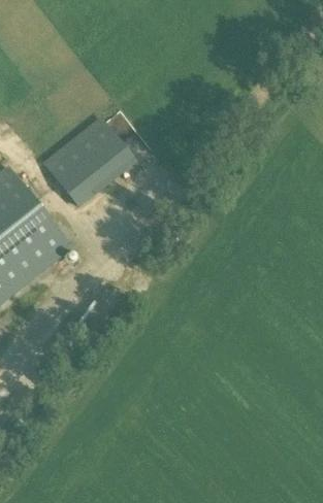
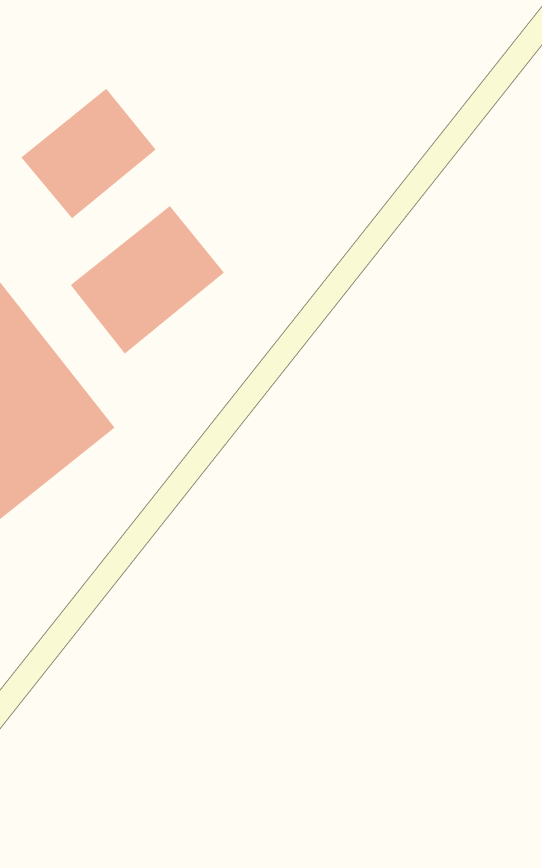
building: none -> [20,88,156,219]

